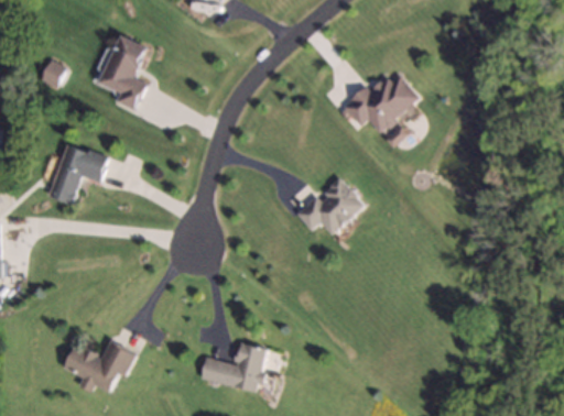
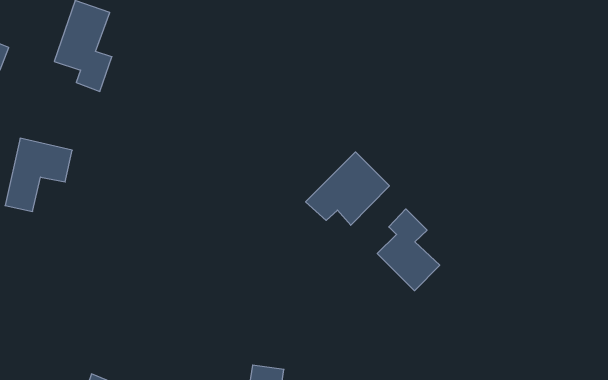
building: [341,70,419,132] -> none
building: none -> [377,209,440,291]

